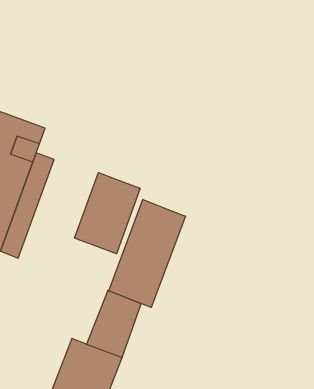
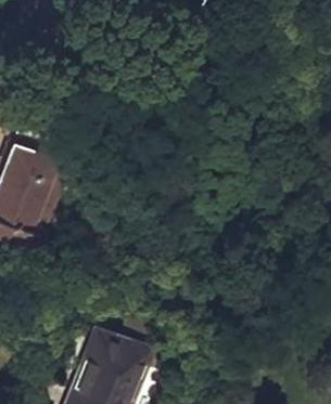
building: [75,173,140,254] -> none
building: [109,199,186,307] -> none

